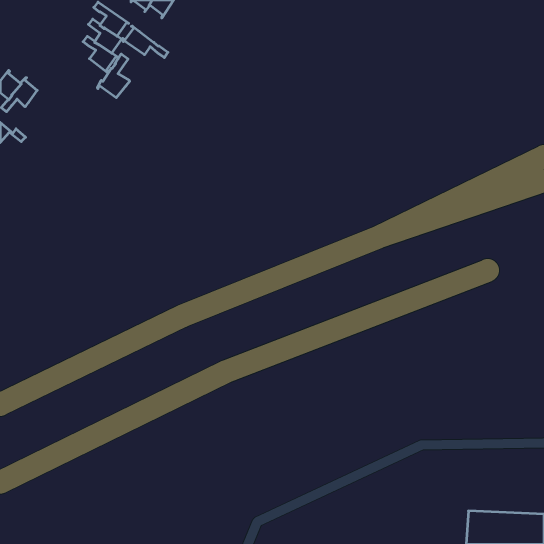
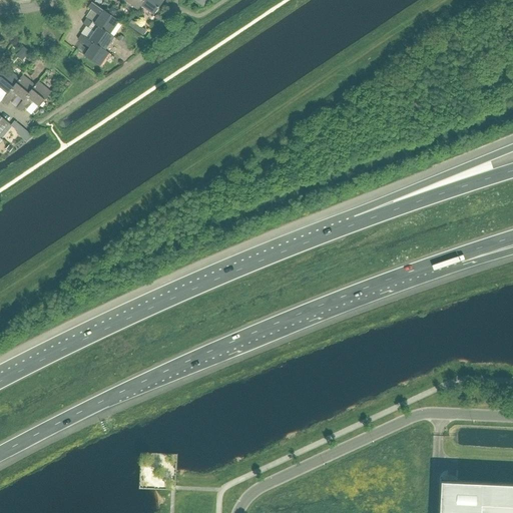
building: [122,26,168,58] -> none
building: [97,54,130,98] -> none
building: none -> [17,79,53,113]

